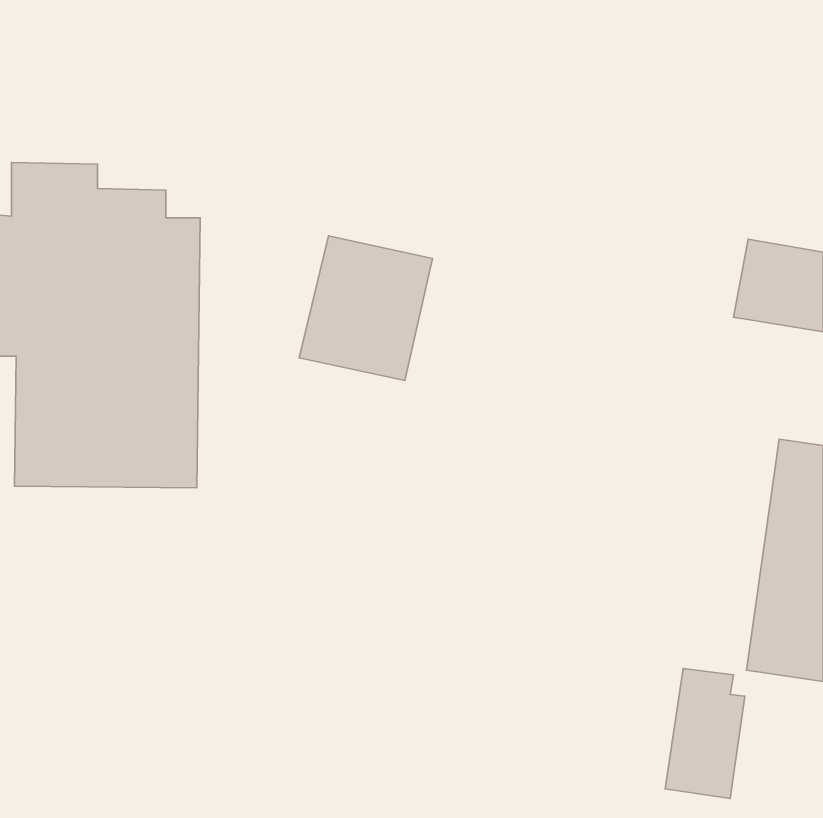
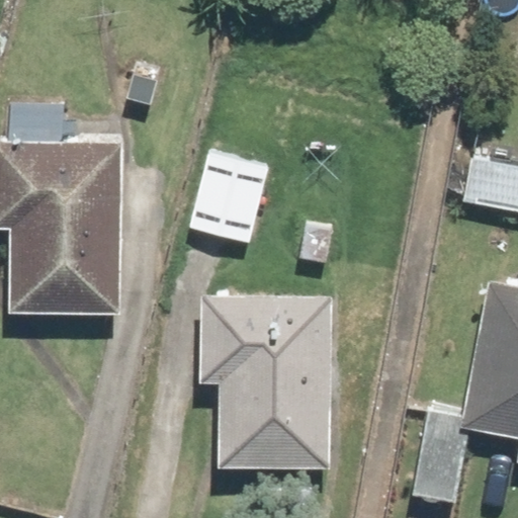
building: none -> [200,293,334,469]

